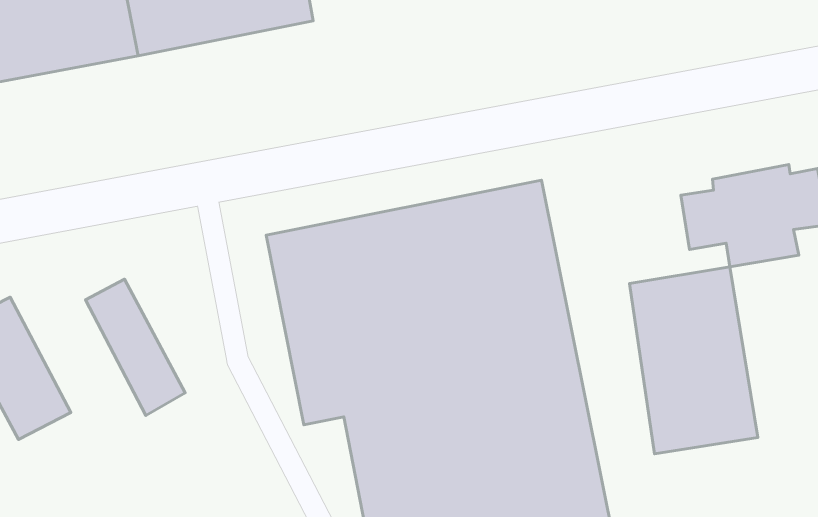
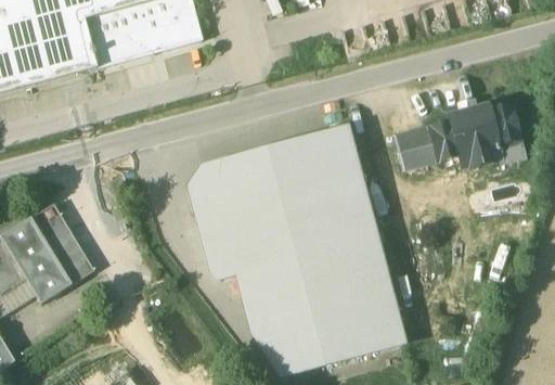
building: none -> [398,127,438,167]
building: [630,267,758,454] -> none
building: [85,279,185,415] -> [30,202,94,283]

